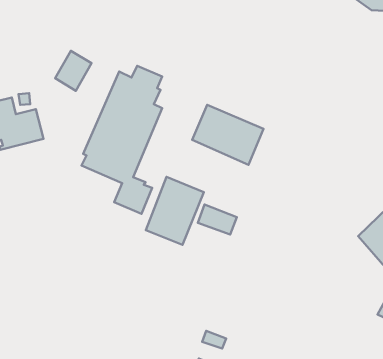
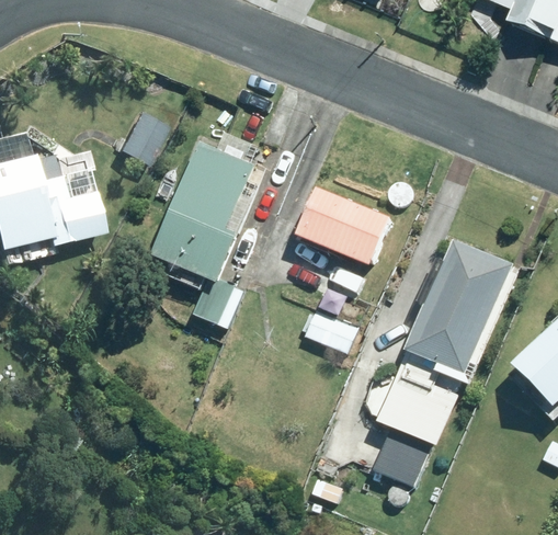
building: none -> [373,238,512,488]
building: [146,177,204,245] -> none

